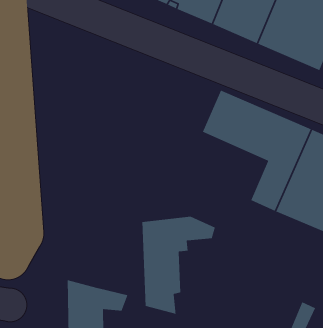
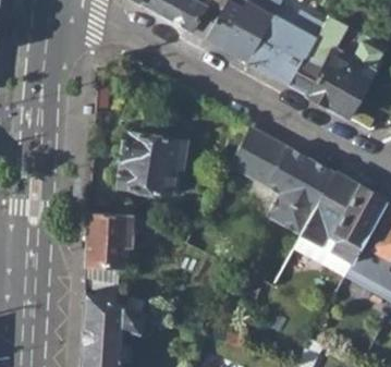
building: none -> [121,134,187,193]
building: [141,216,216,315] -> [87,211,162,305]

